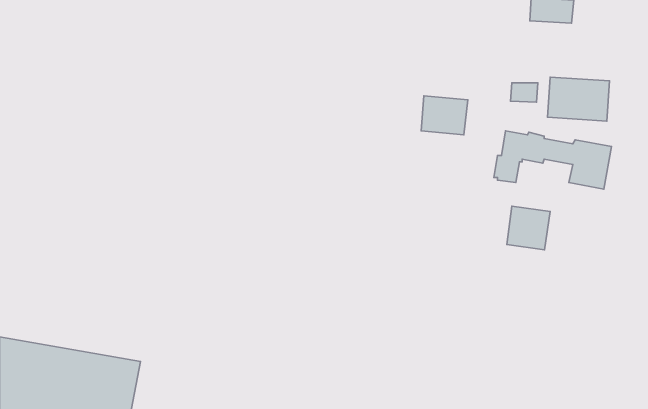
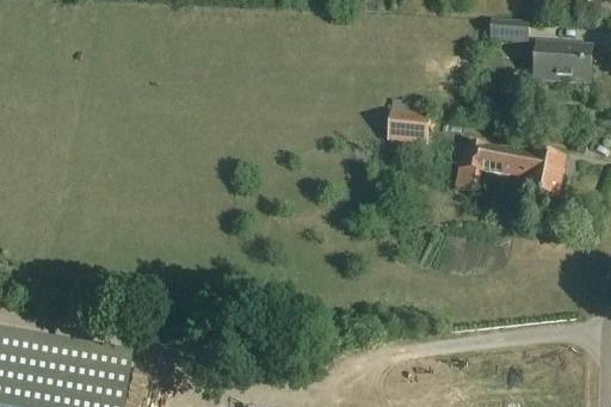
building: [547,77,610,121] -> [535,42,592,82]
building: [507,206,550,250] -> none

